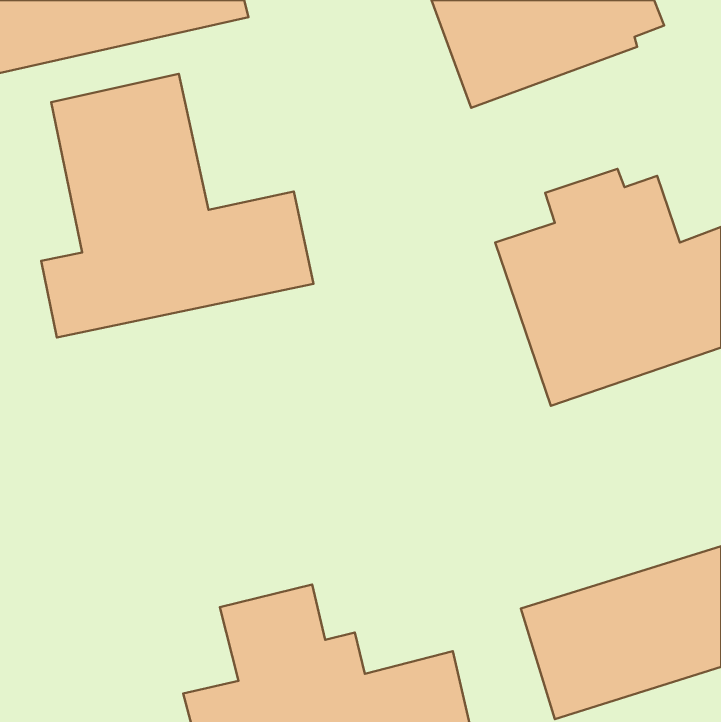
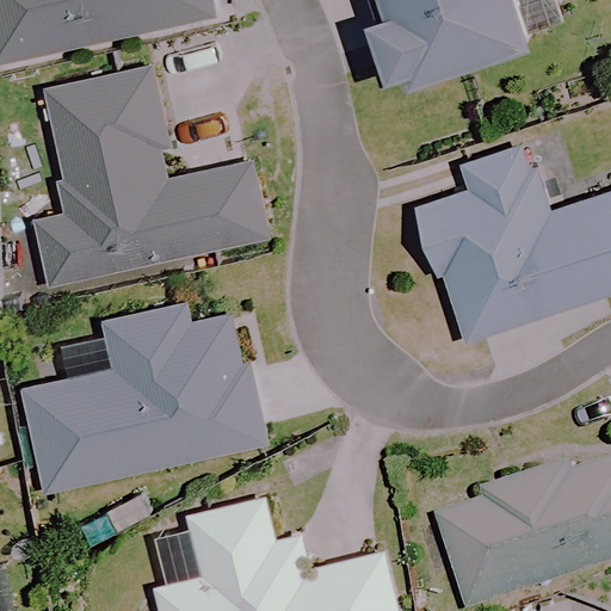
building: none -> [18,304,263,492]

